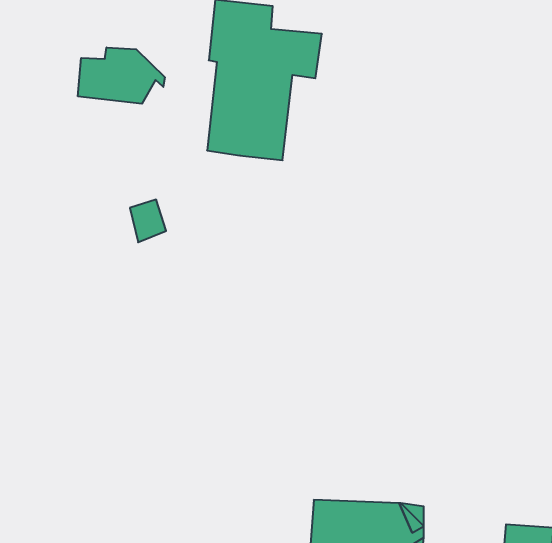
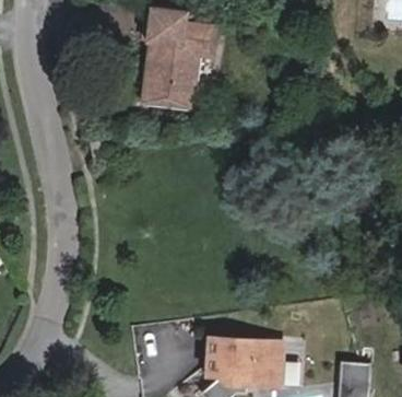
building: [78,47,165,104] -> none

